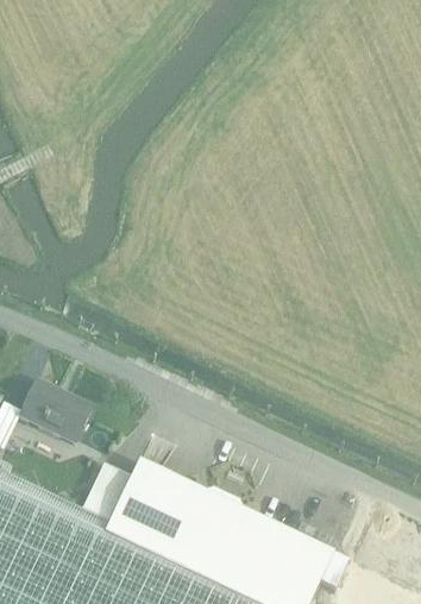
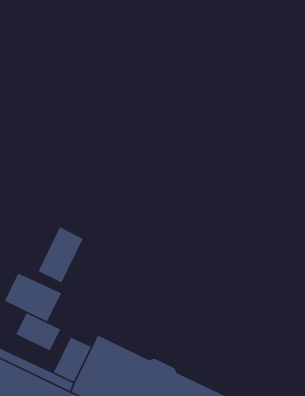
building: none -> [38,226,84,284]
building: none -> [15,312,61,351]

